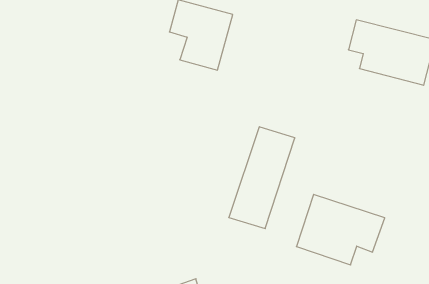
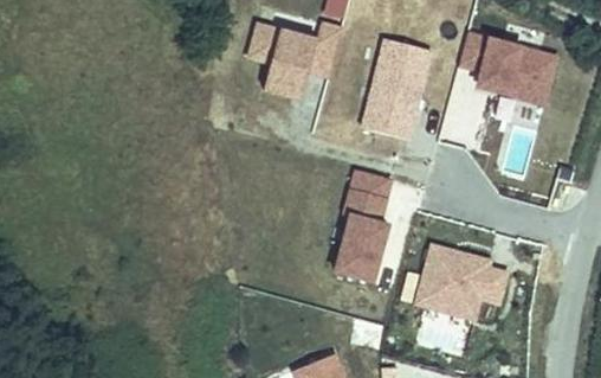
building: none -> [360,36,435,141]

